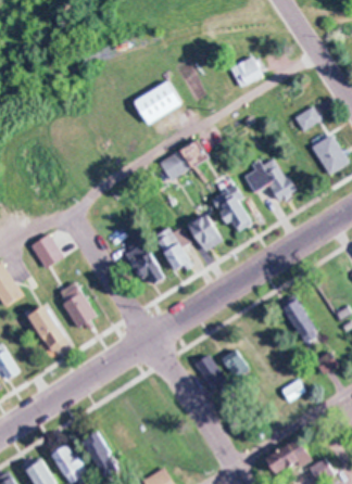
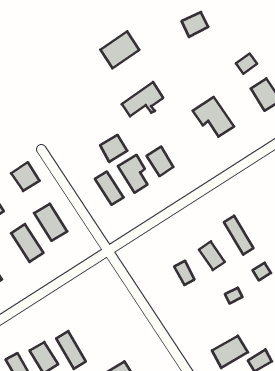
building: [214,187,254,231] -> none
building: none -> [100,135,127,162]
building: [194,354,225,387] -> [199,241,225,270]

